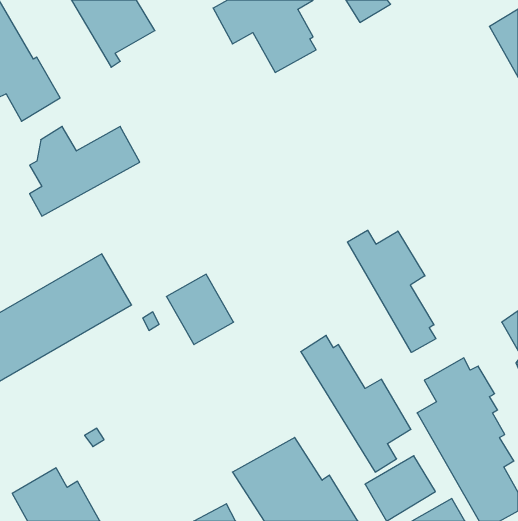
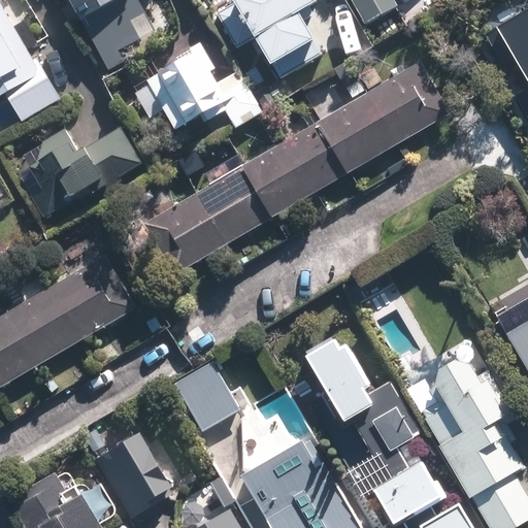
building: none -> [145,51,259,130]
building: none -> [144,62,450,274]
building: [347,230,436,352] -> none
building: [166,274,234,345] -> [169,360,237,431]
building: none -> [94,432,176,519]

